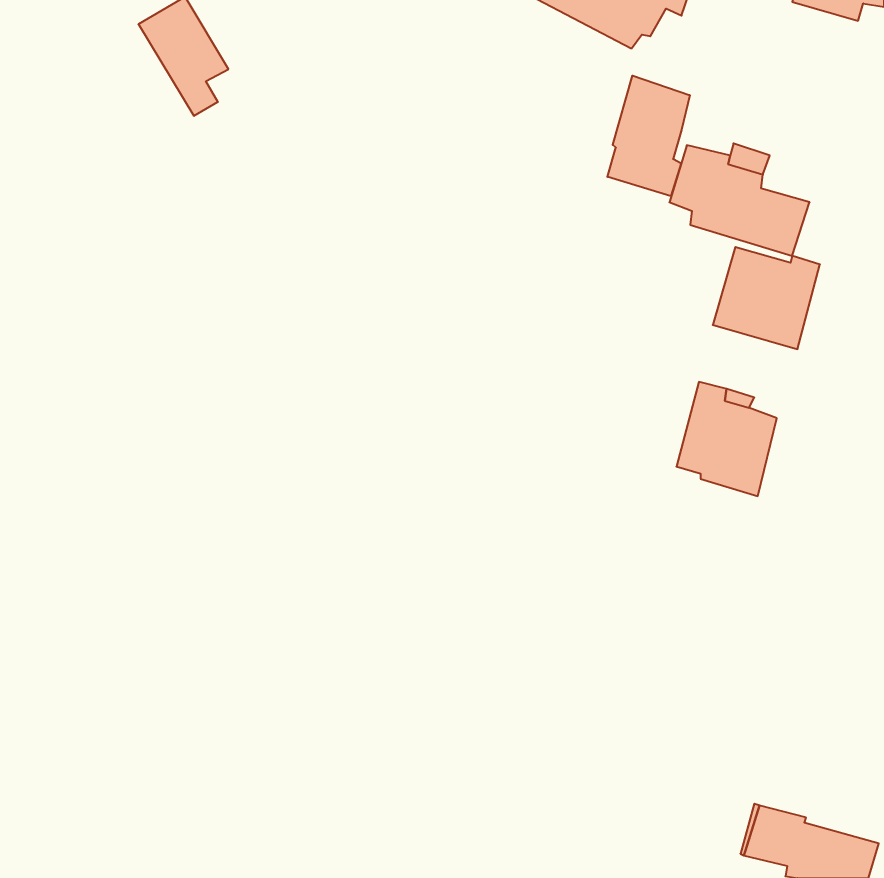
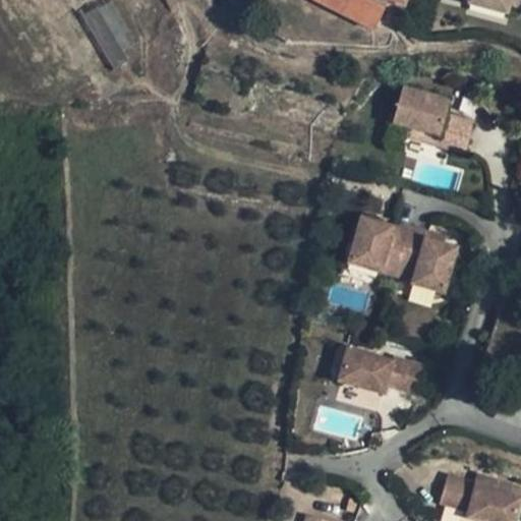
building: [607,76,690,196] -> none
building: [713,247,820,349] -> [348,215,411,275]
building: none -> [337,346,421,393]

